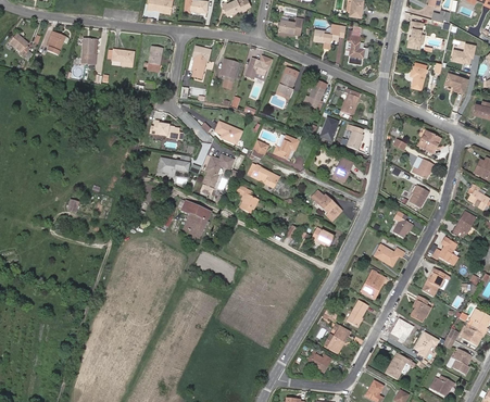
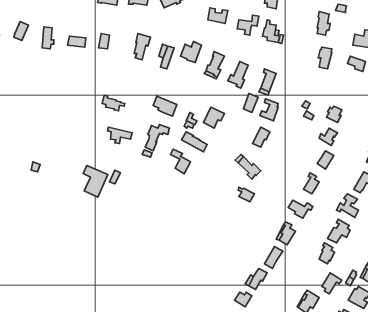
building: [181,200,211,238] -> [83,165,108,197]

